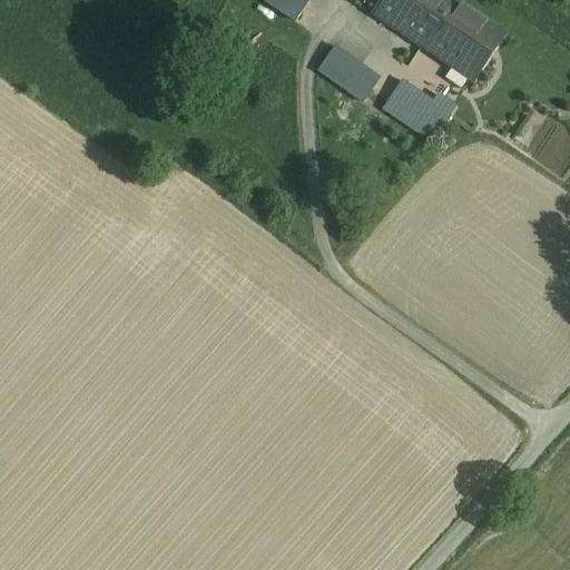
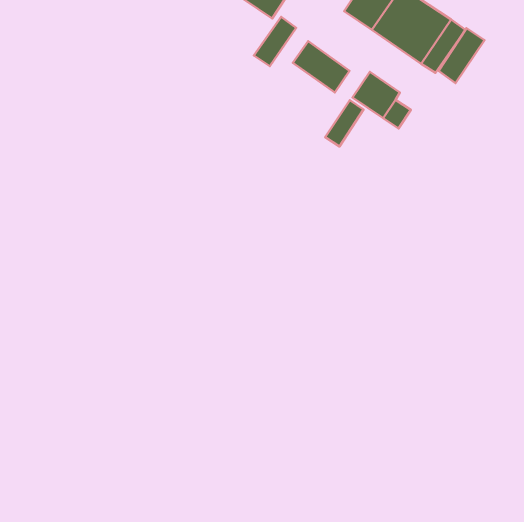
building: none -> [254,17,296,66]
building: none -> [438,28,484,83]
building: none -> [325,100,363,146]

